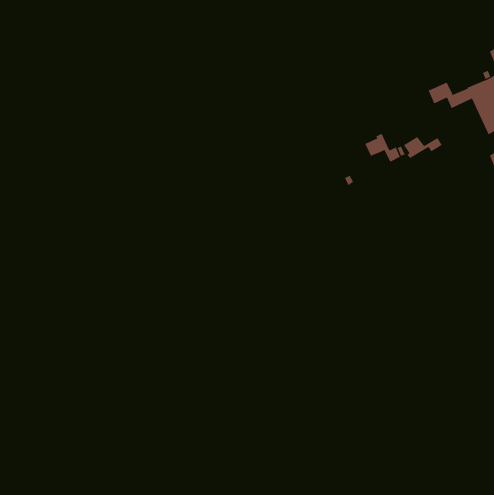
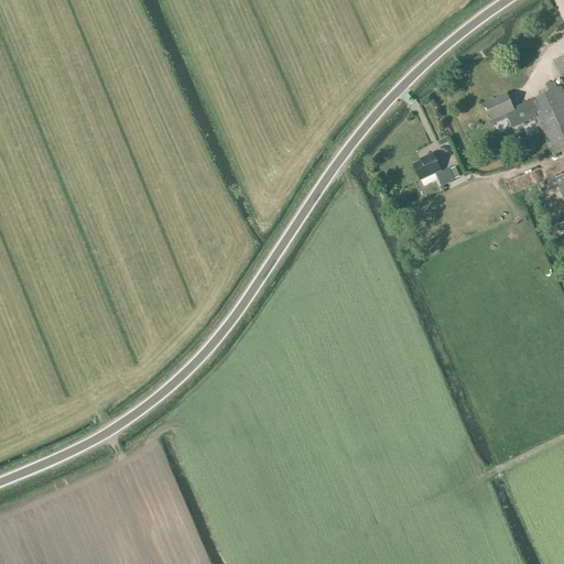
building: [403,136,443,159] -> none

